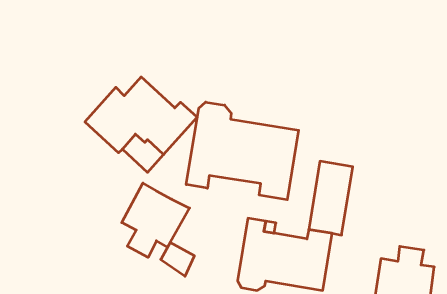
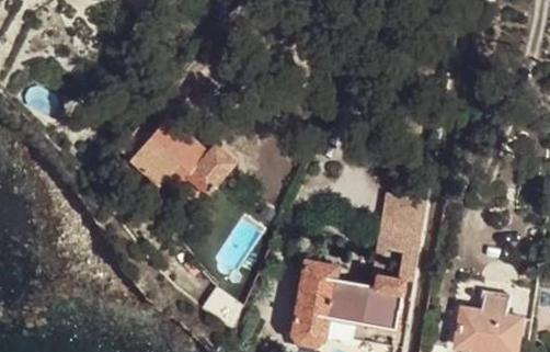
building: [186,102,299,200] -> none
building: [122,183,190,257] -> none

